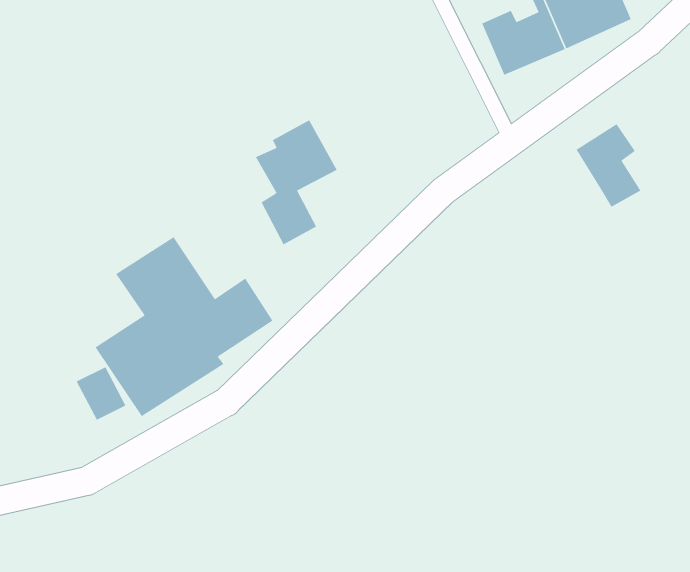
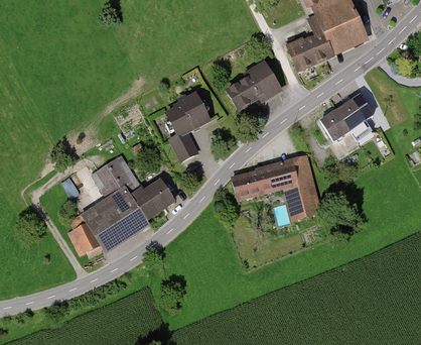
building: none -> [226,62,280,110]
building: none -> [320,109,349,140]
building: none -> [231,156,320,220]

